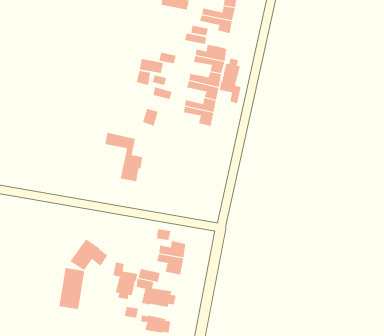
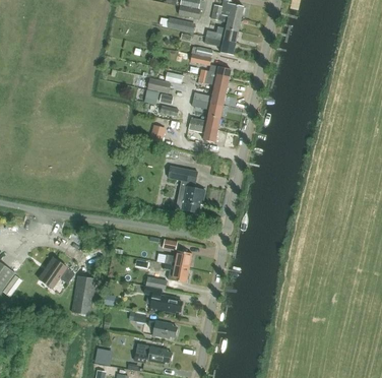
building: [219,58,241,104] -> none
building: [105,132,143,182] -> [168,166,204,212]
building: [70,238,108,271] -> [38,257,74,288]
building: [113,261,138,300] -> none

